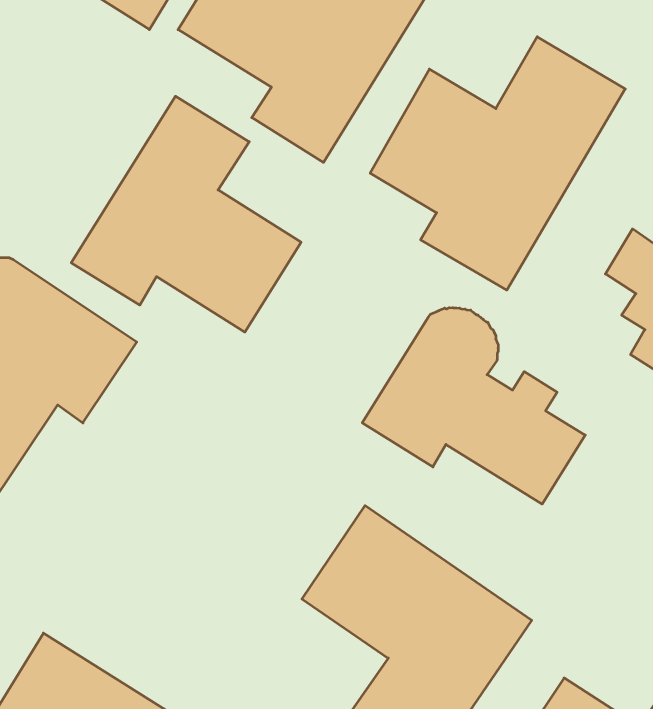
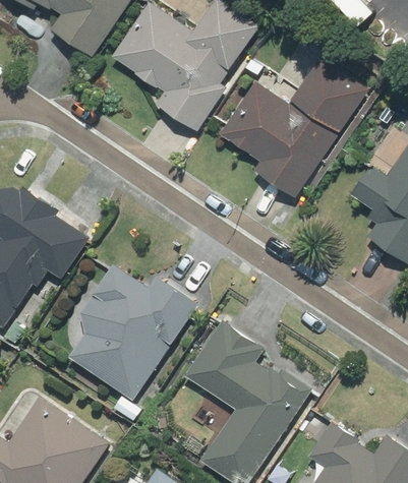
building: [71,96,301,332] -> none
building: [362,308,585,504] -> none
building: none -> [69,263,198,400]

